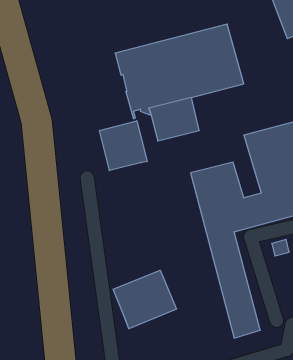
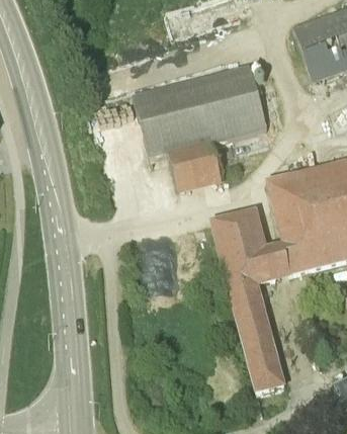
building: [100,121,147,171] -> none
building: [113,270,177,329] -> none

